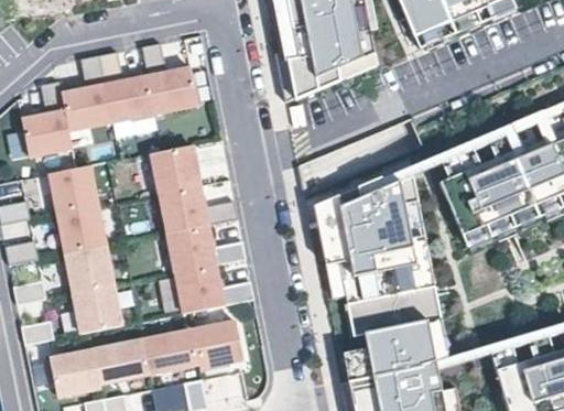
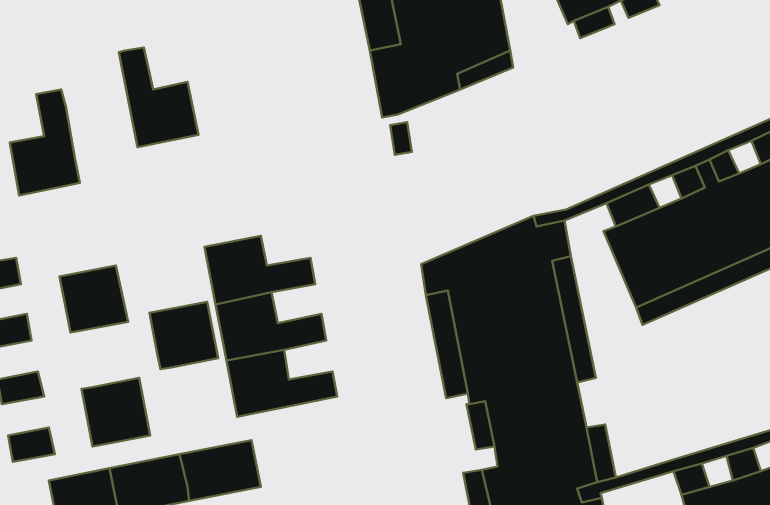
building: [142,43,198,113] -> none
building: [62,55,112,131] -> none
building: [151,145,199,193] -> none
building: [50,165,97,214] -> none
building: [65,246,113,293] -> [149,302,218,369]
building: [193,321,243,367] -> none

